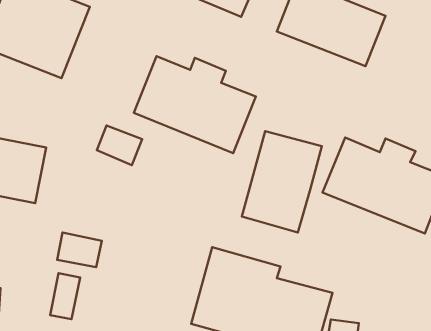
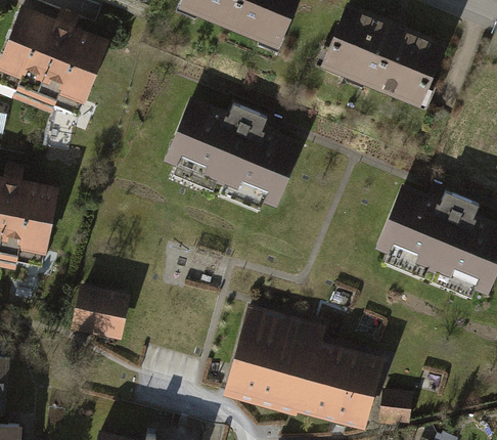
building: [97,125,142,165] -> none
building: [242,131,322,232] -> none
building: [50,273,80,319] -> none

